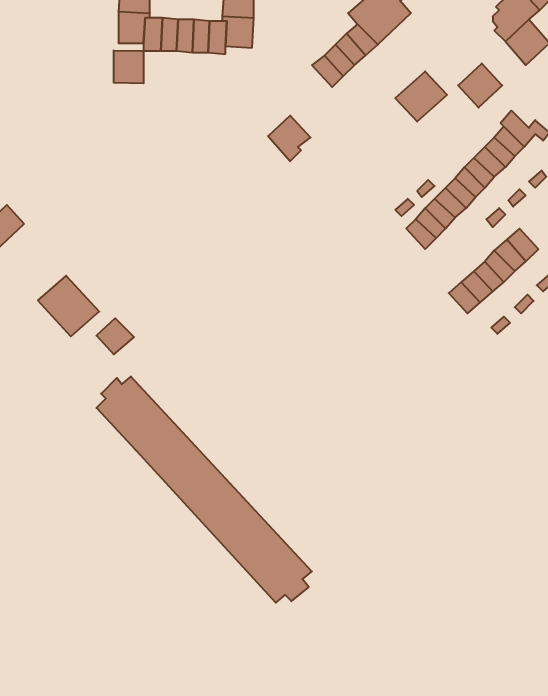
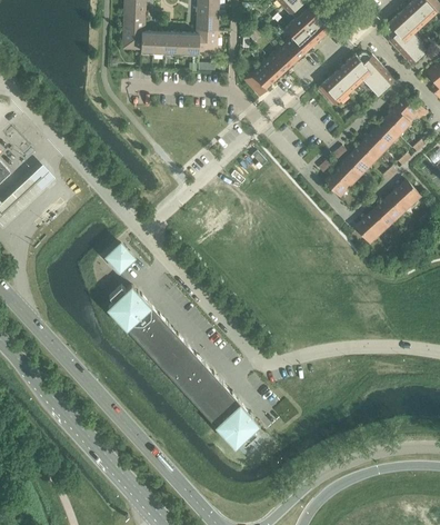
building: none -> [339,53,379,86]
building: [114,50,144,83] -> none
building: [268,116,311,161] -> [243,65,273,97]
building: [38,276,99,336] -> none

